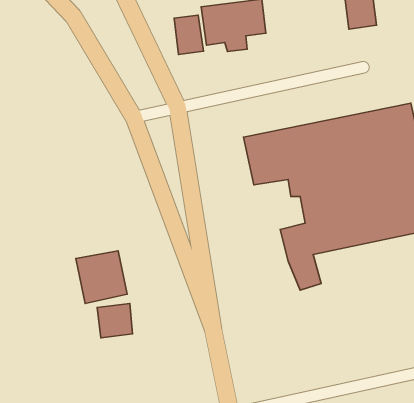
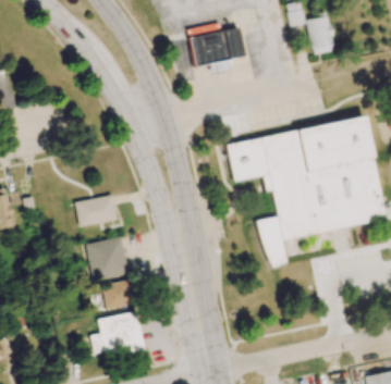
building: [174,15,204,54] -> none
building: none -> [76,195,118,227]
building: none -> [93,312,144,357]

